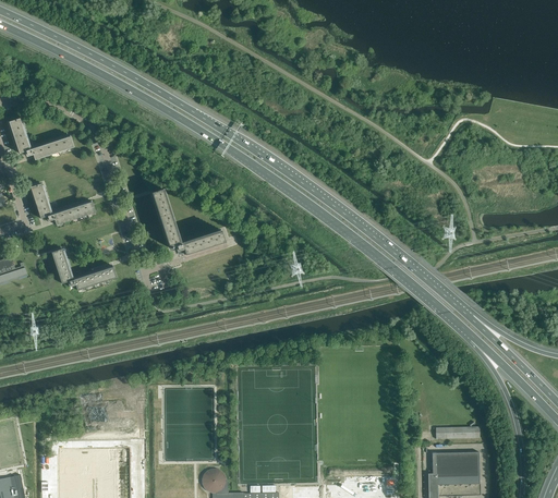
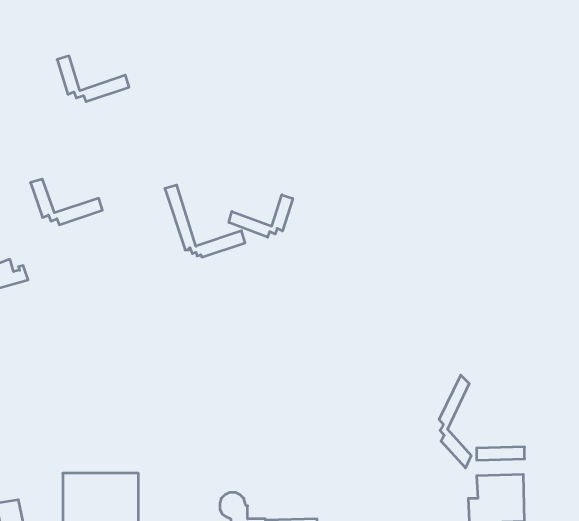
building: [9,118,74,159] -> [57,56,129,102]
building: none -> [229,195,293,237]
building: [51,247,117,290] -> none
building: none -> [439,375,471,468]

